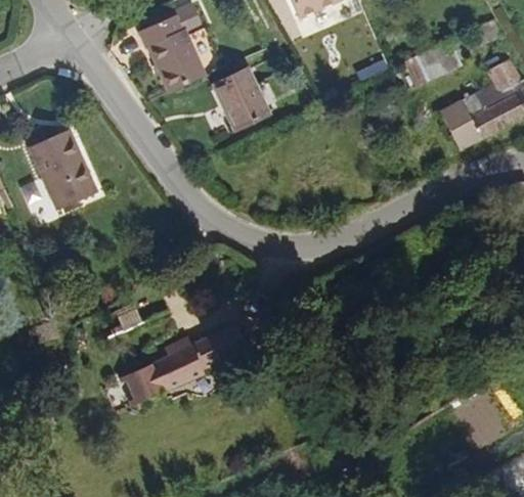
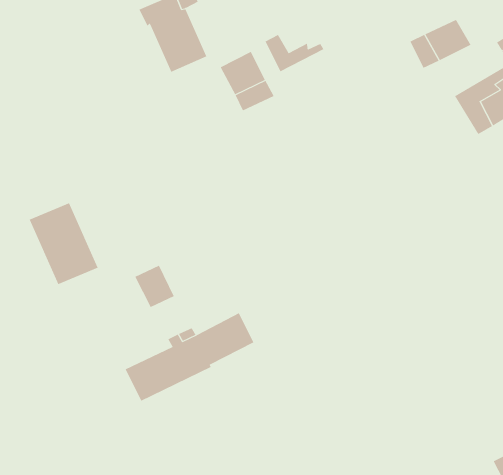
building: none -> [265,34,324,72]
building: [30,133,96,212] -> [29,202,98,285]
building: none -> [134,265,175,308]

